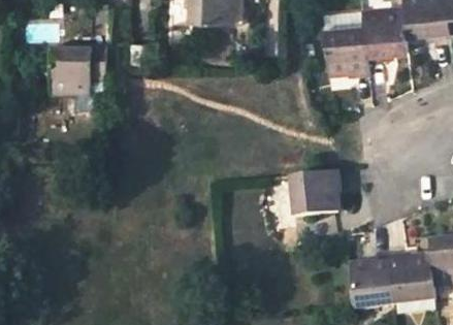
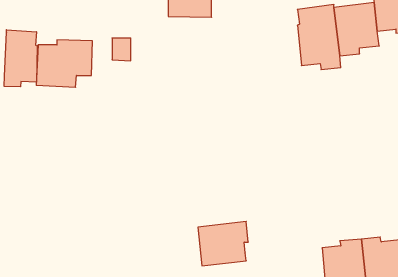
building: none -> [4,30,37,87]
building: [289,170,342,217] -> [198,221,248,266]

